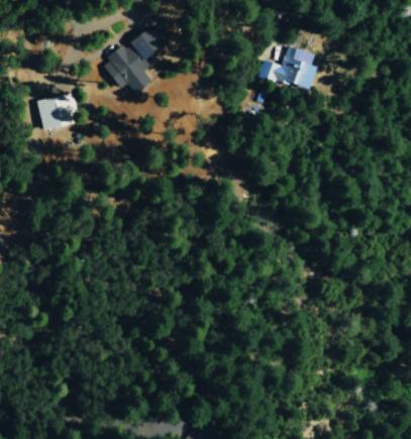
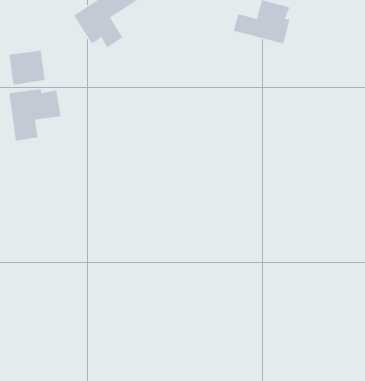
building: none -> [9,89,61,141]

